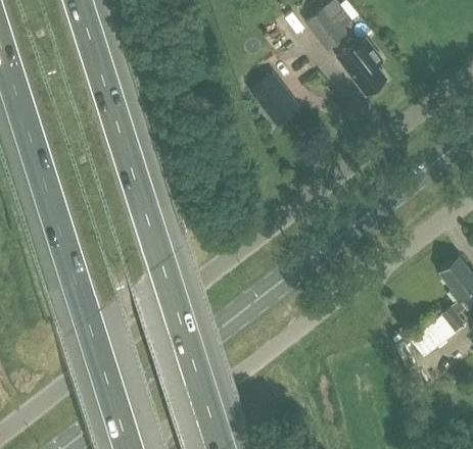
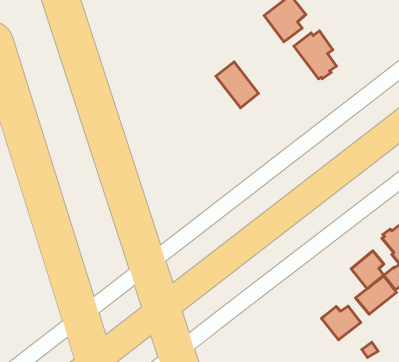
building: none -> [351,251,384,289]
building: none -> [321,306,361,340]

